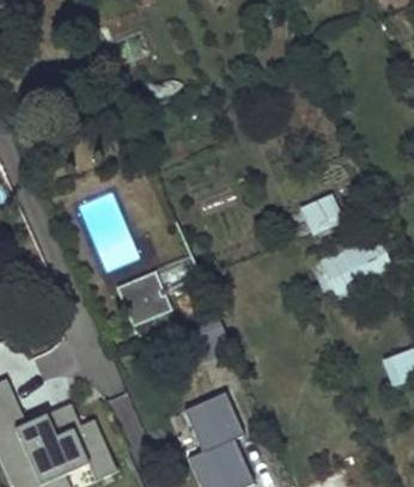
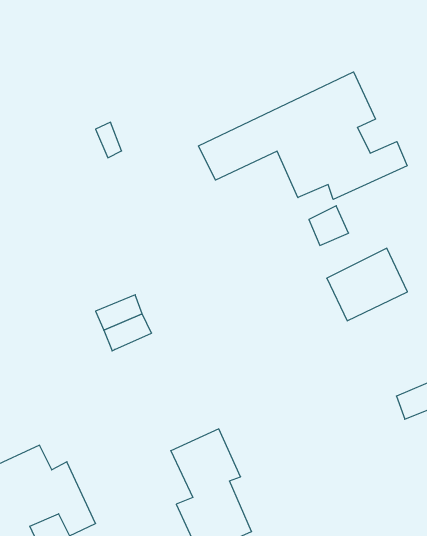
building: none -> [199,72,407,199]

